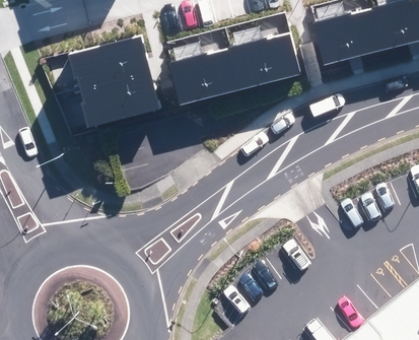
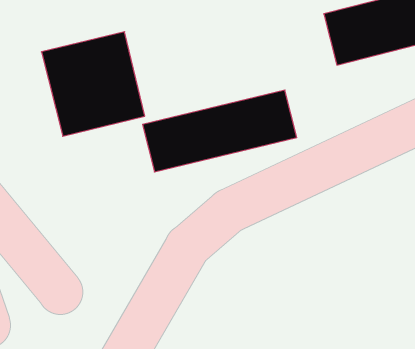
building: [169,30,301,100] -> [143,90,297,172]

